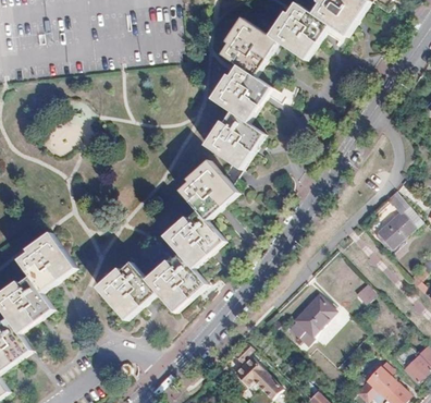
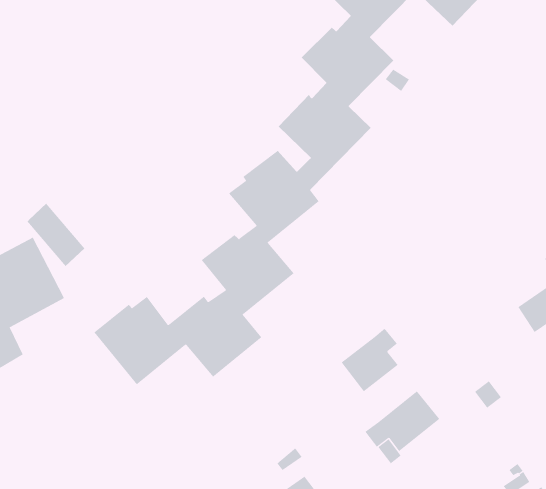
building: none -> [26,203,85,267]
building: none -> [341,328,399,392]

